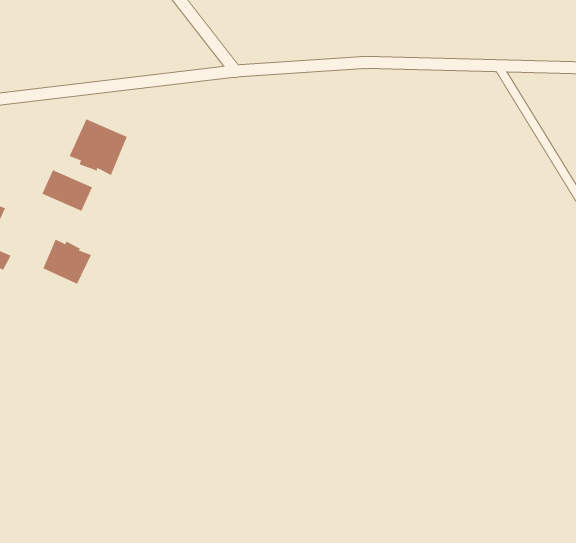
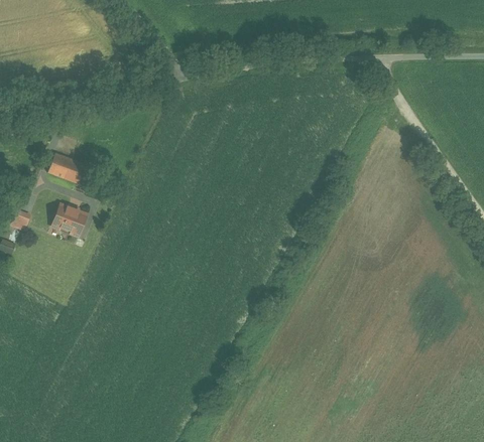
building: [69,119,127,176] -> none

